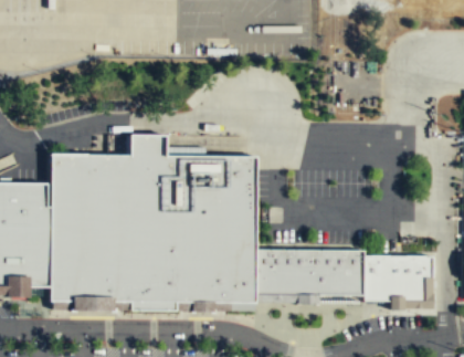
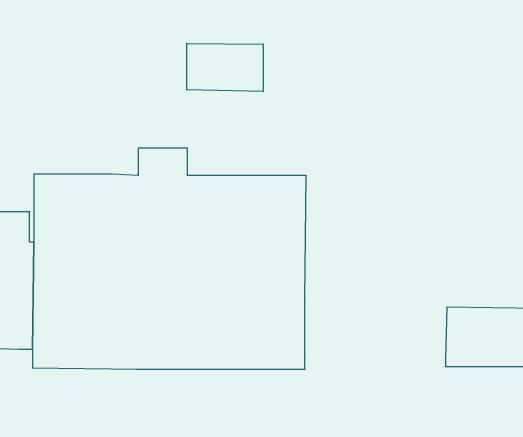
building: none -> [187,43,263,92]
building: [255,248,363,294] -> none

